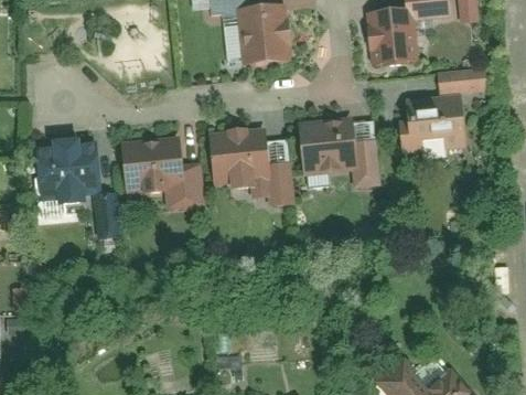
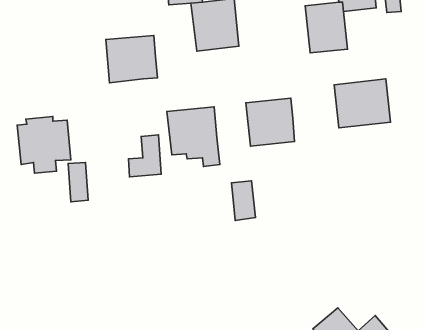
building: [437,67,486,95] -> none
building: [121,138,181,192] -> [106,36,158,83]
building: [353,139,379,188] -> none
building: [266,161,293,206] -> [231,181,255,220]

